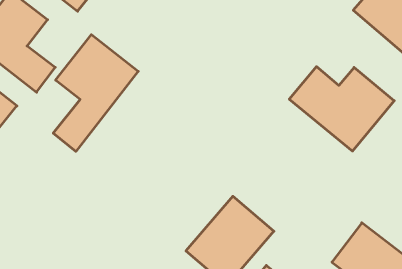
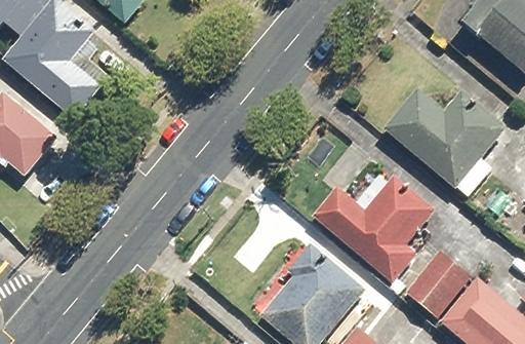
building: [53,35,138,151] -> none
building: none -> [311,174,435,284]
building: none -> [403,254,460,313]

